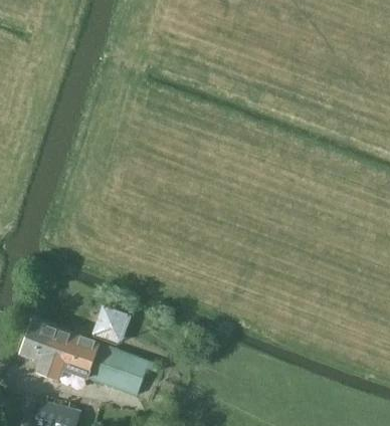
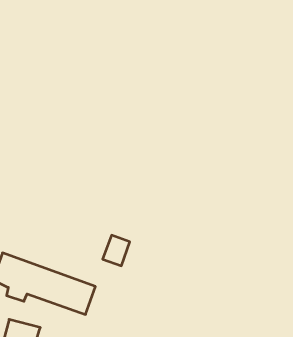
building: [95,306,129,344] -> [103,235,130,266]

